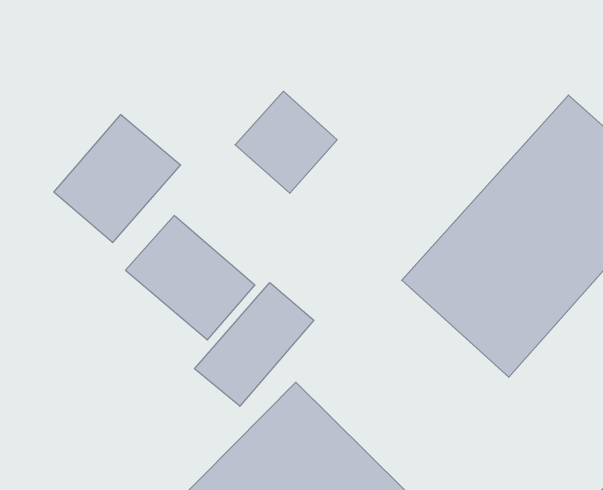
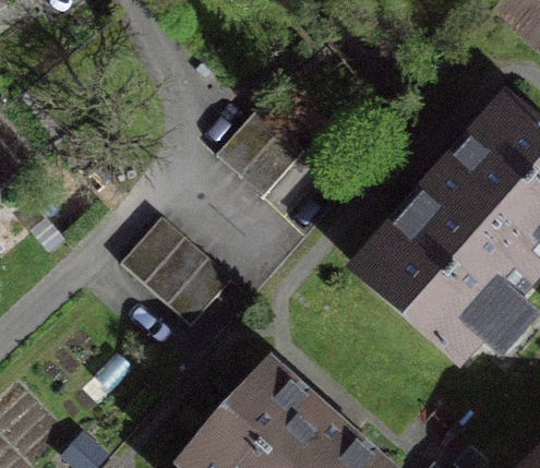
building: [54,115,181,243] -> none
building: [195,283,314,406] -> none

